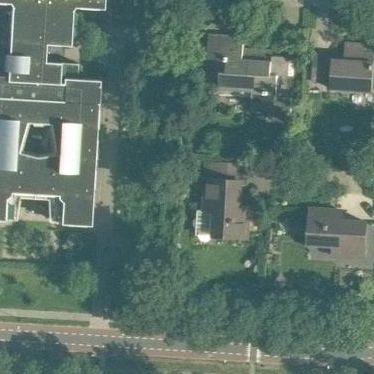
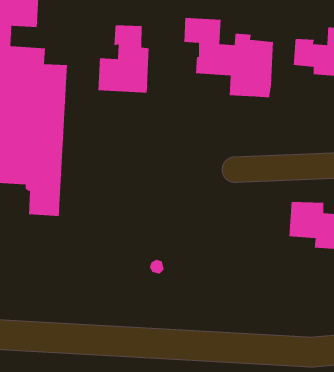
building: none -> [97,25,149,94]
building: [204,163,248,239] -> none

